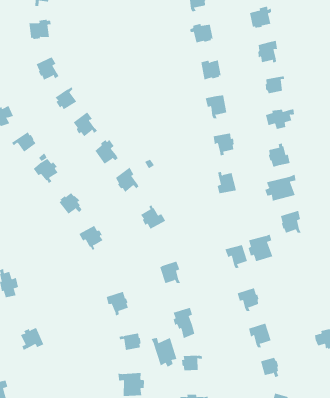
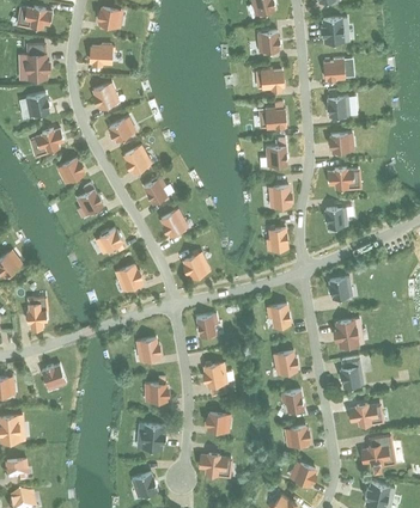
building: [265,174,296,202] -> none
building: [248,234,273,262] -> [334,319,360,347]
building: none -> [340,357,364,387]
building: [151,337,177,367] -> none

